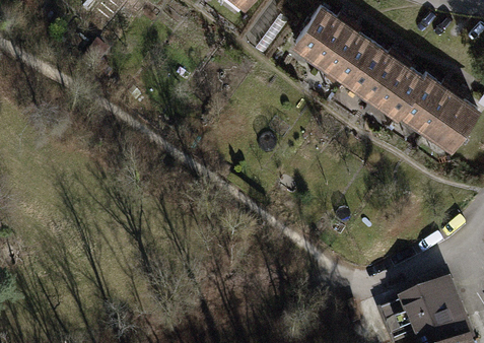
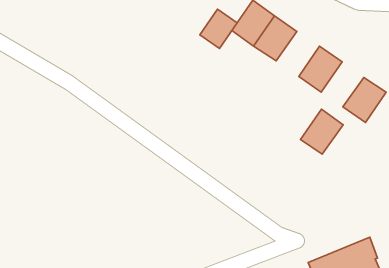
building: none -> [200,9,237,48]
building: [344,41,395,93] -> none
building: [397,76,446,129] -> [301,109,343,154]

